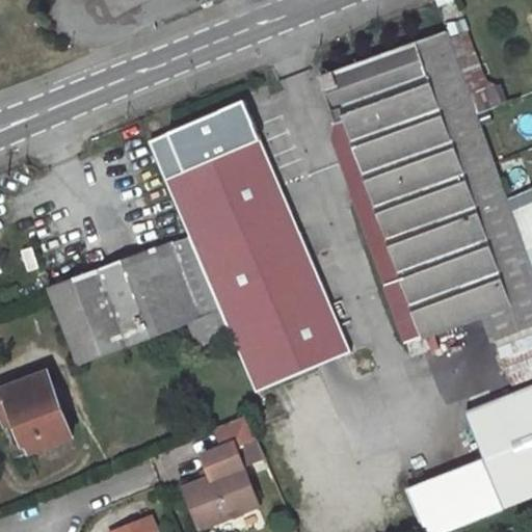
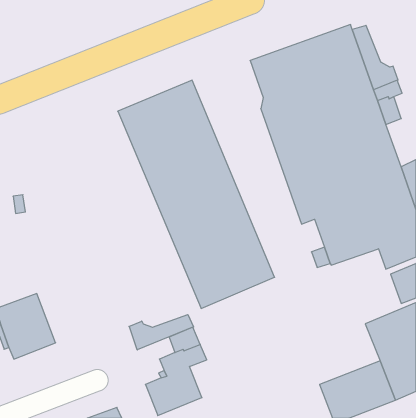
building: [49,237,230,363] -> none
building: none -> [129,315,194,350]

